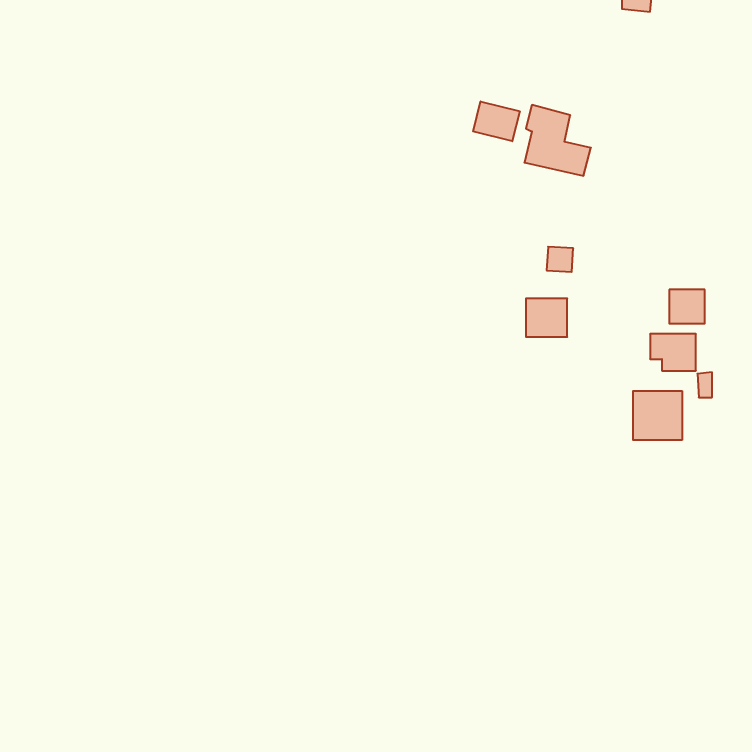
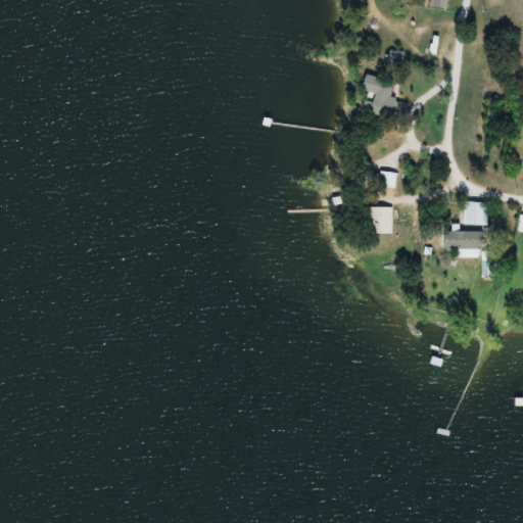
building: [473,101,520,141] -> none
building: [633,391,682,440] -> none

